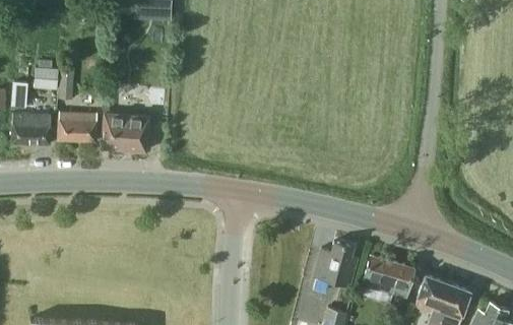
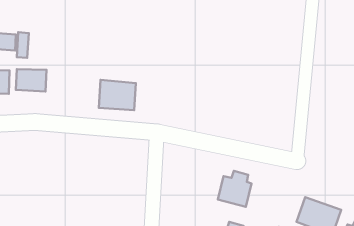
building: [102,114,148,152] -> [99,80,136,110]
building: [362,256,413,299] -> none

